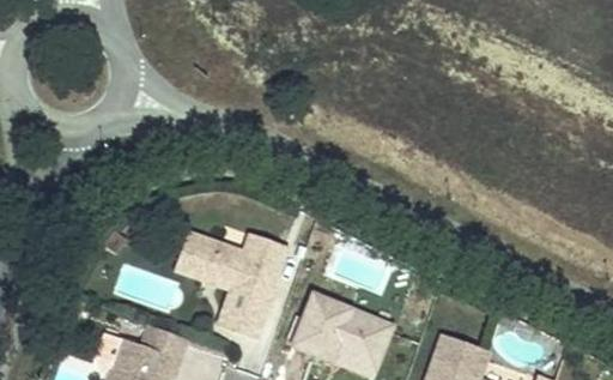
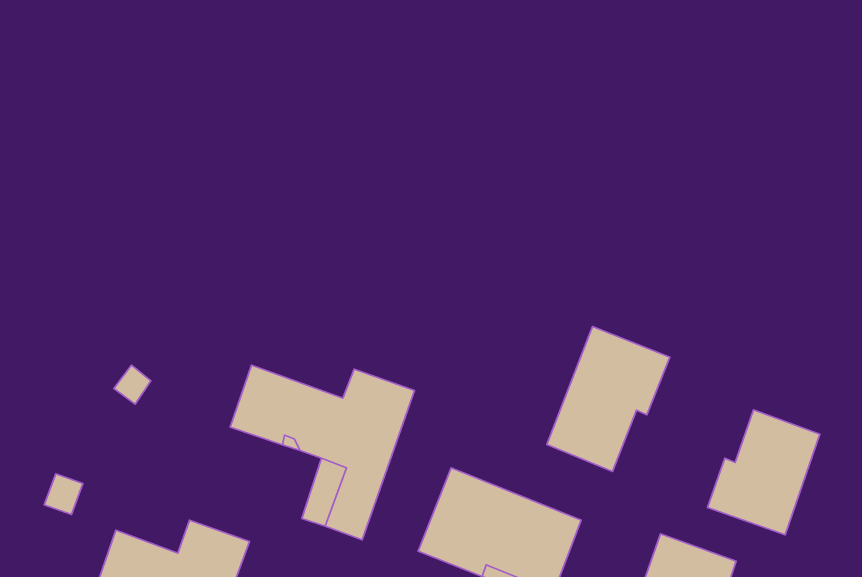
building: none -> [547,327,670,472]
building: none -> [707,410,820,535]

